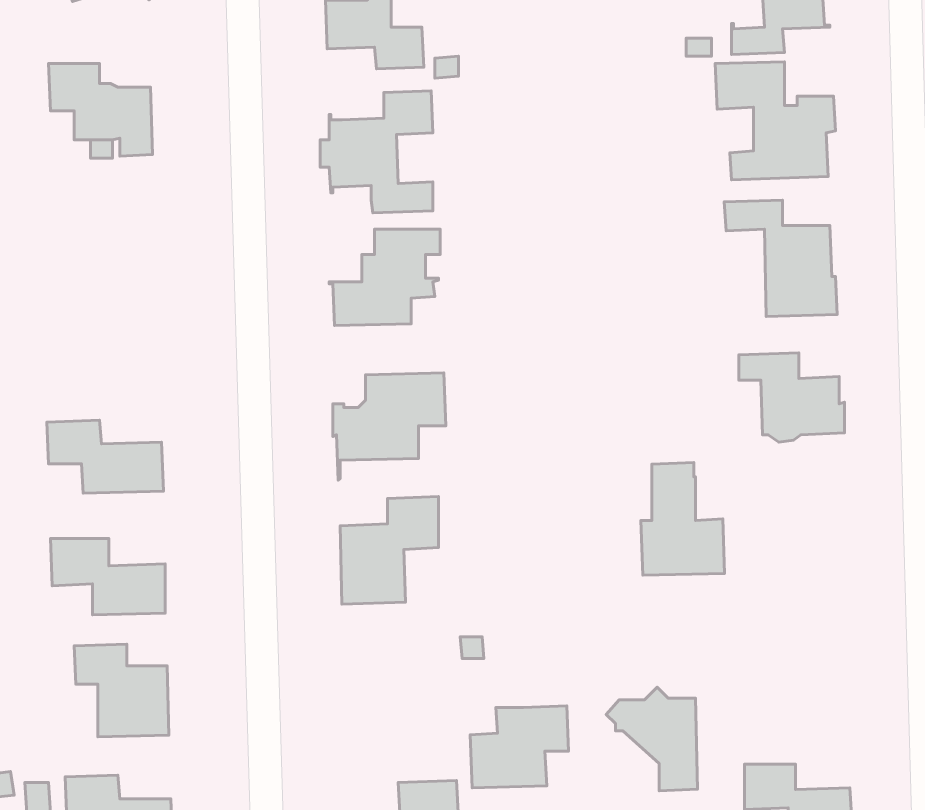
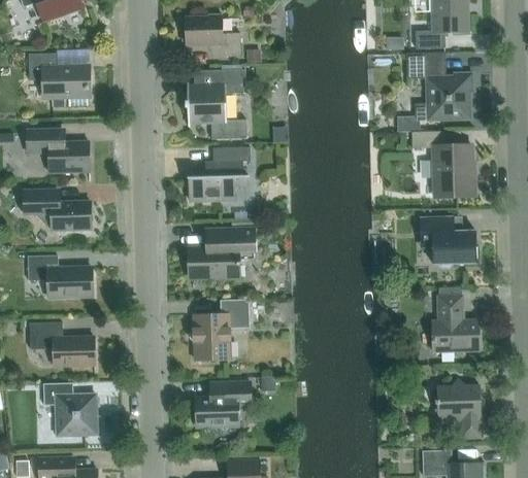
building: none -> [26,129,89,173]
building: none -> [23,190,91,237]
building: [641,462,725,575] -> [431,287,478,351]
building: [606,687,697,791] -> [429,379,481,438]
building: [470,706,569,788] -> [195,381,251,428]

